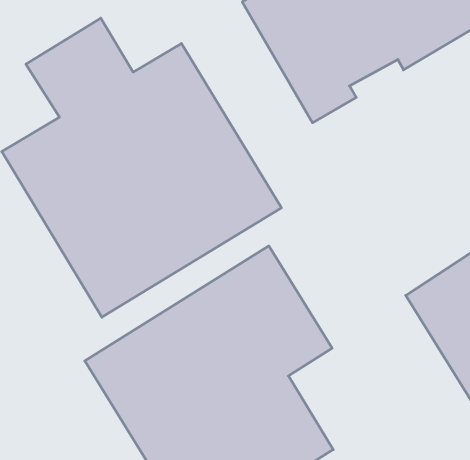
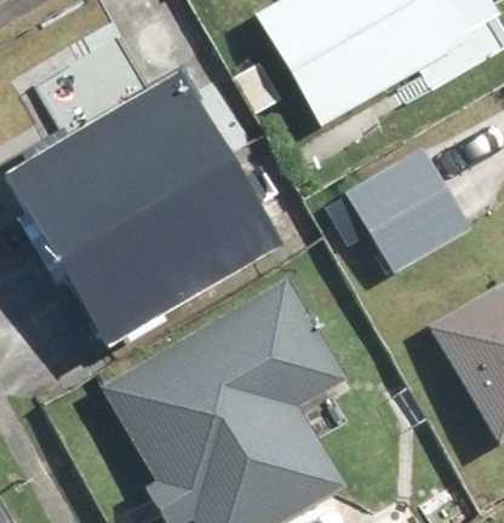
building: none -> [339,145,472,277]

